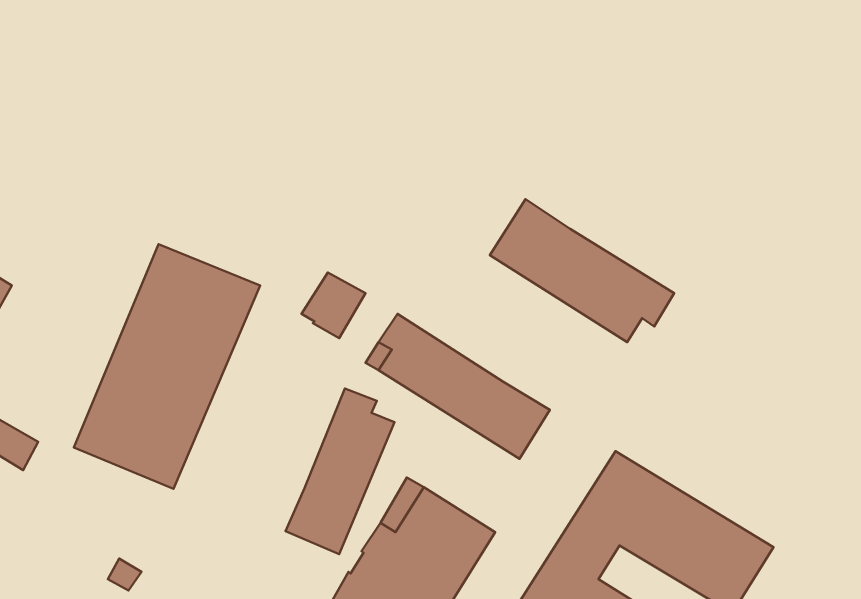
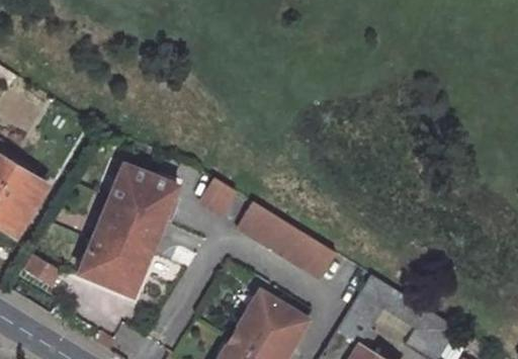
building: [490,199,674,342] -> none
building: [285,388,394,554] -> none

